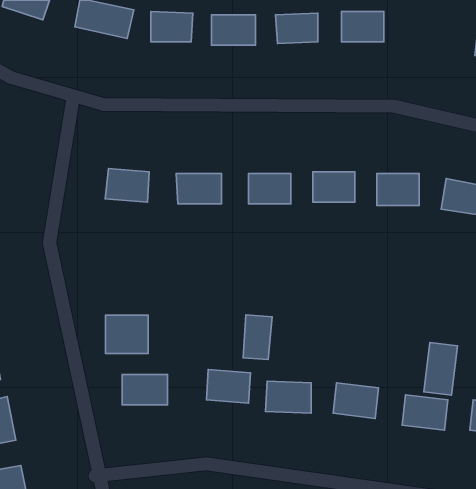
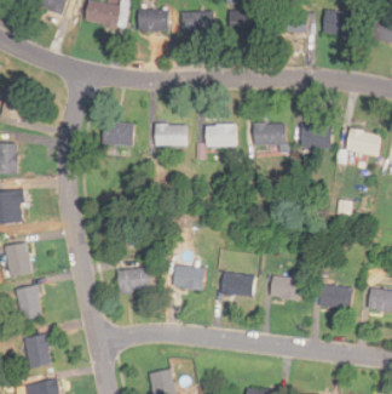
building: none -> [324,12,352,34]
building: [243,315,272,360] -> none
building: [106,315,148,354] -> none
building: [424,342,458,395] -> none

